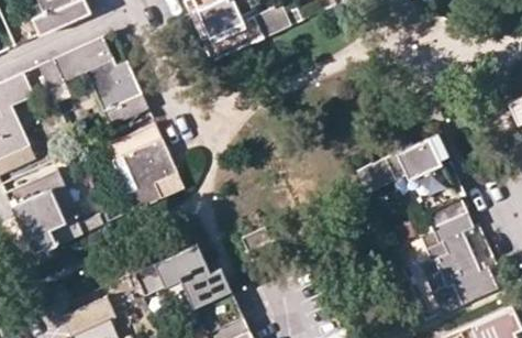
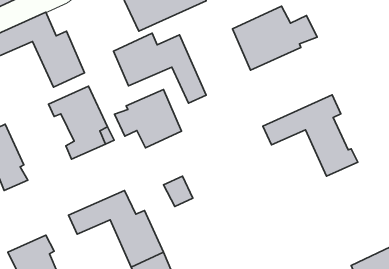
building: none -> [233,6,317,70]
building: none -> [113,33,206,103]
building: none -> [115,89,182,148]
building: [419,211,496,312] -> none

